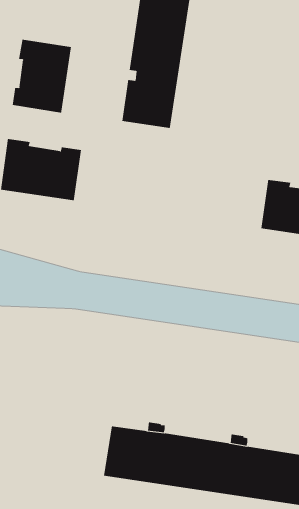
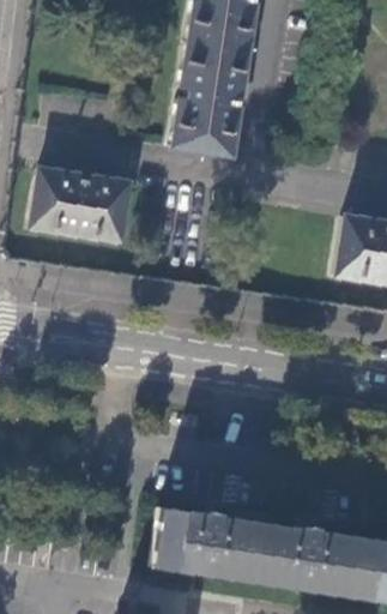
building: [12,39,71,113] -> none

